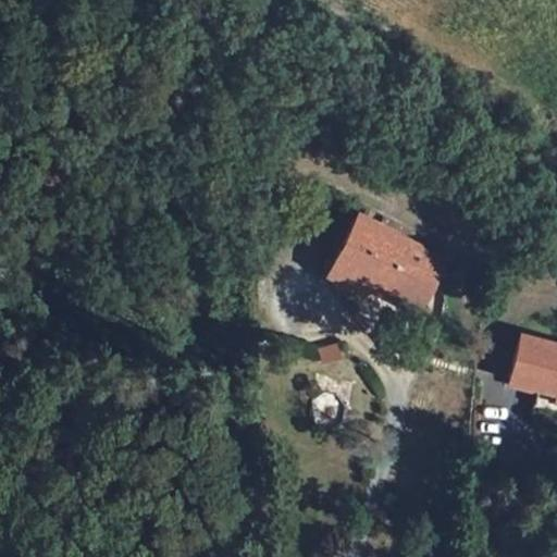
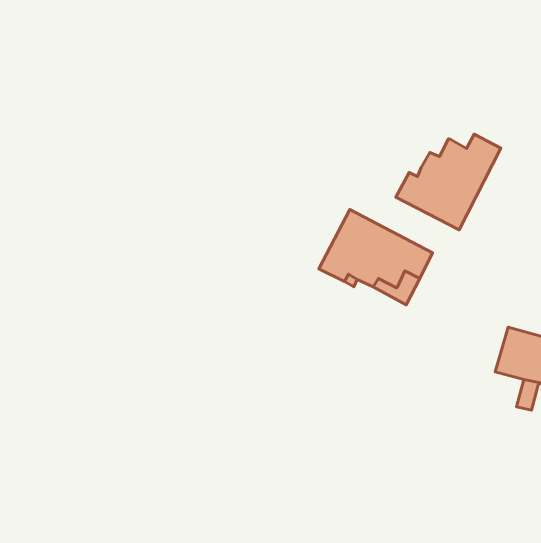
building: none -> [396,134,501,230]

